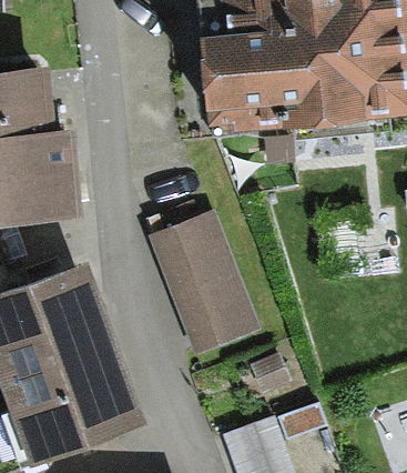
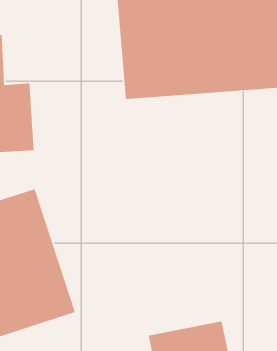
building: [150,214,253,352] -> none

